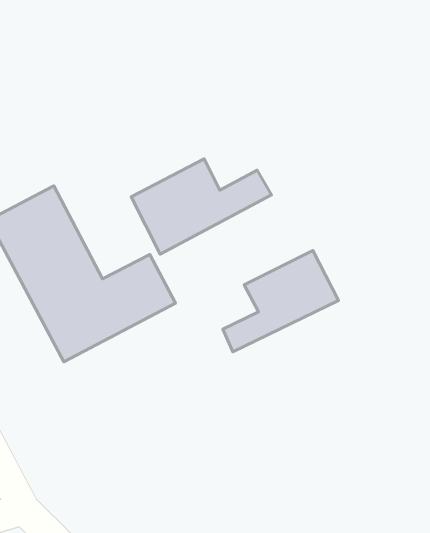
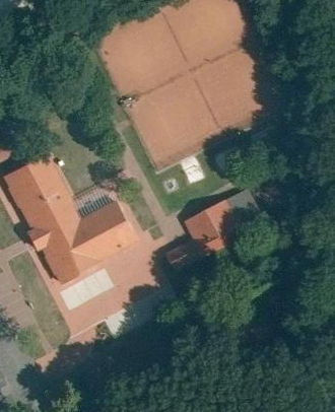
building: [131,159,272,254] -> none

